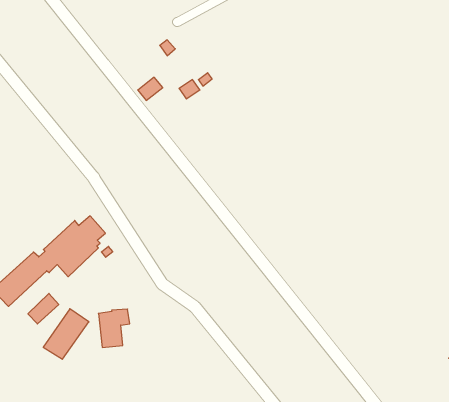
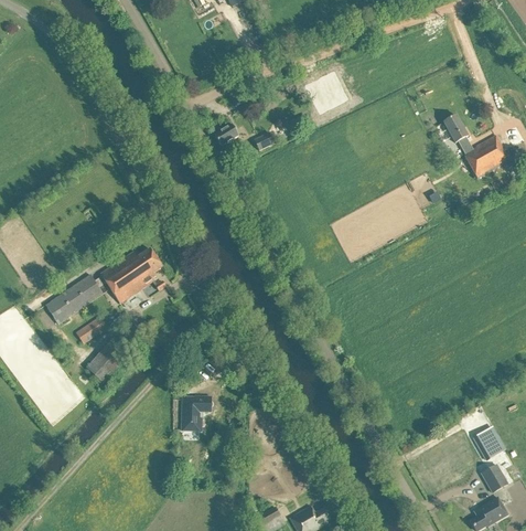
building: none -> [443,114,509,177]
building: [98,309,130,347] -> [181,395,211,431]

